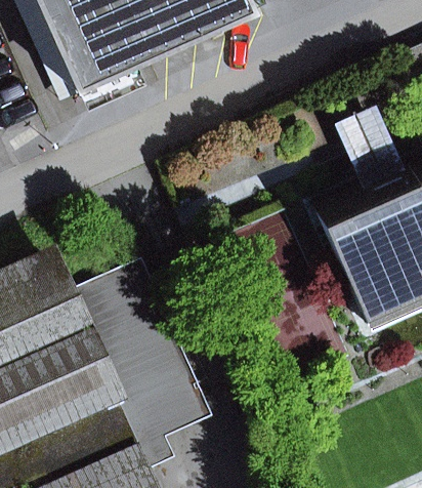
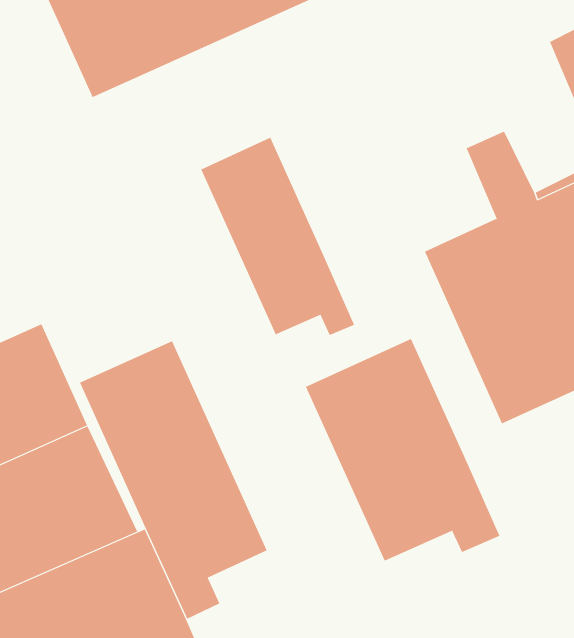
building: none -> [200,137,355,336]
building: none -> [305,338,500,561]

